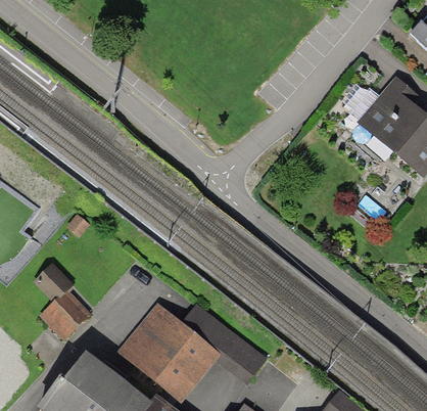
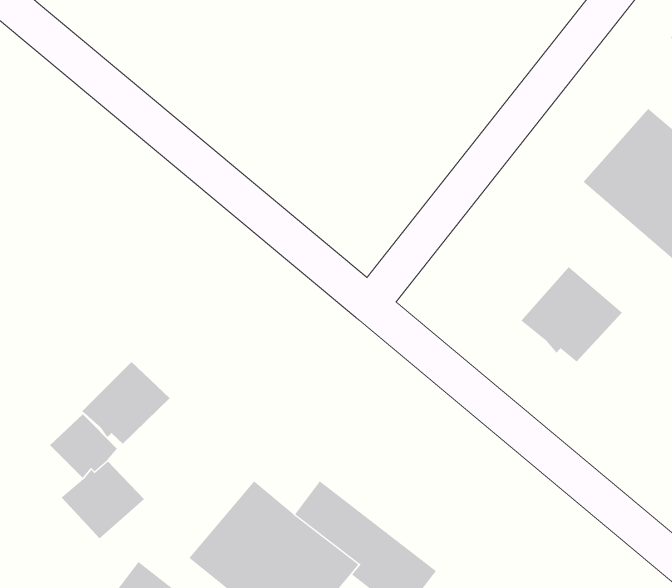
building: none -> [520,266,623,363]
building: none -> [82,361,170,445]

